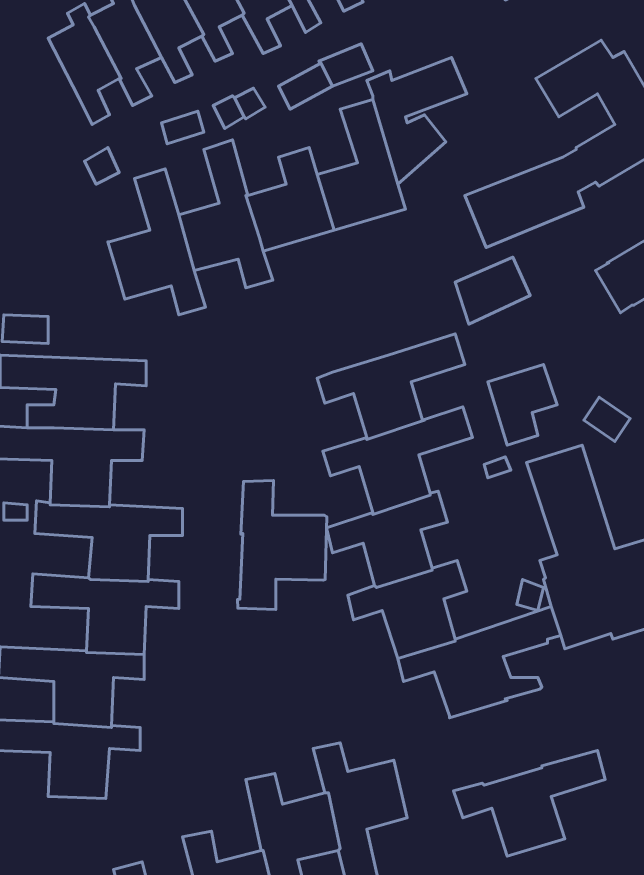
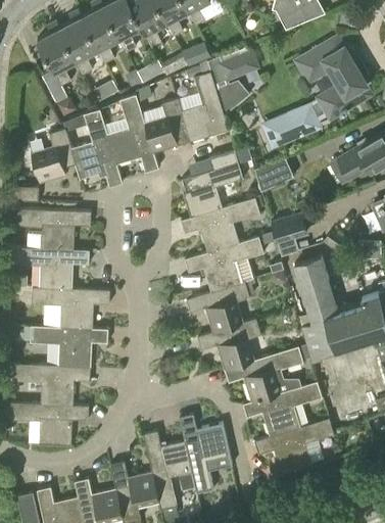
building: none -> [31,129,75,183]
building: none -> [182,150,241,218]
building: [238,480,327,609] -> none
building: none -> [242,380,323,437]

